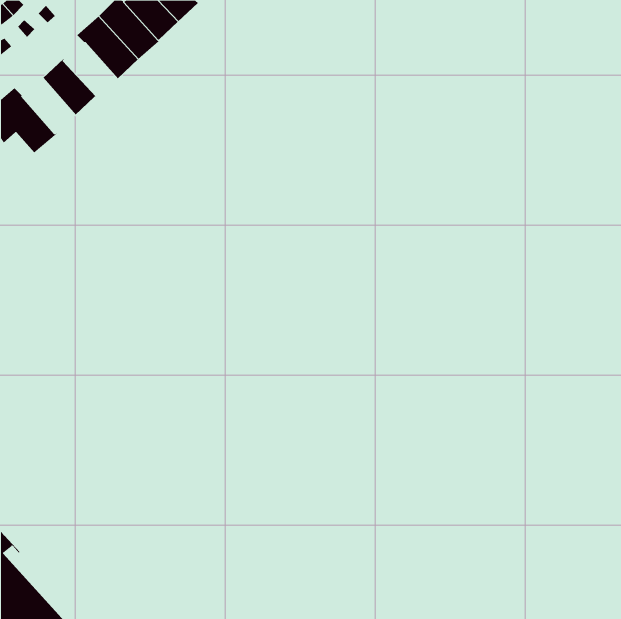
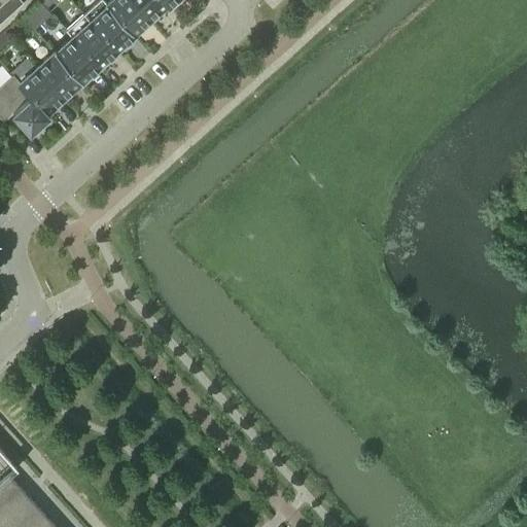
building: none -> [54,38,100,85]
building: none -> [19,68,64,115]

